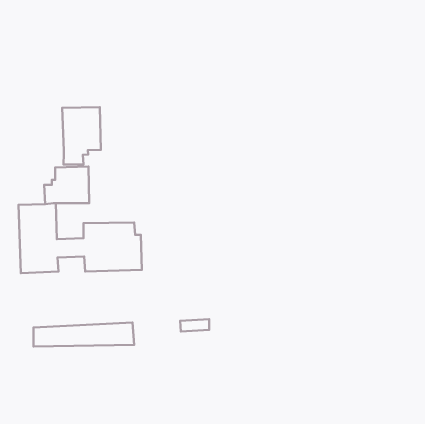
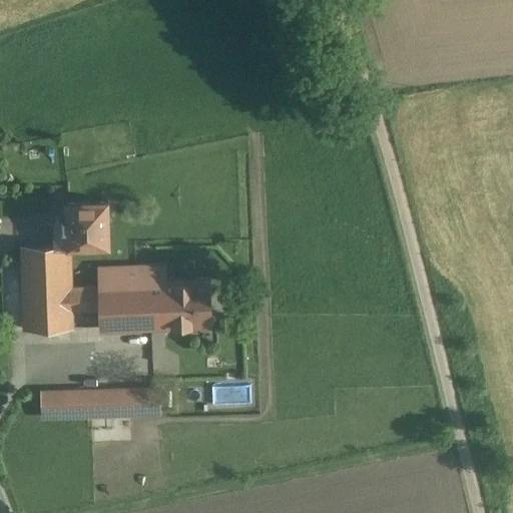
building: [62,107,101,164] -> none
building: none -> [169,284,207,327]

